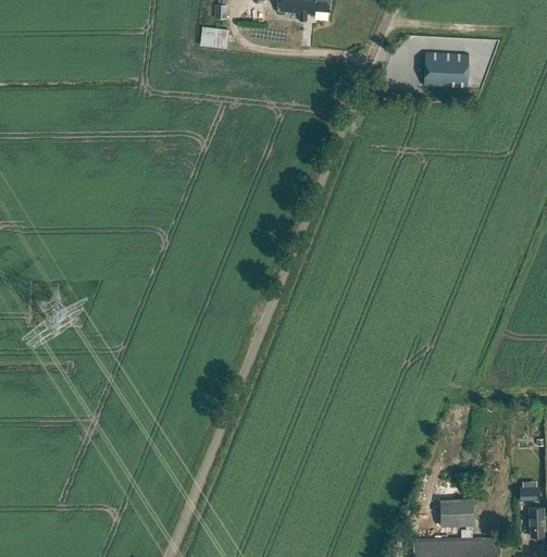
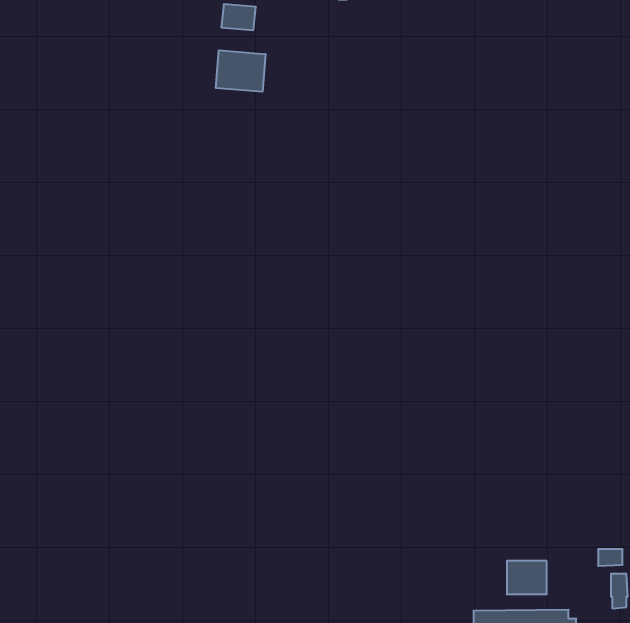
building: [422,51,467,87] -> none
building: none -> [216,50,266,92]

